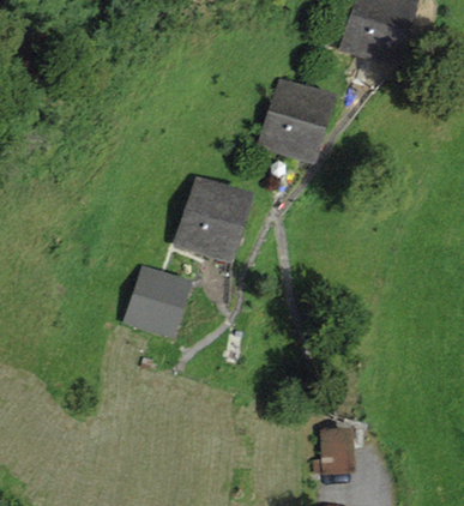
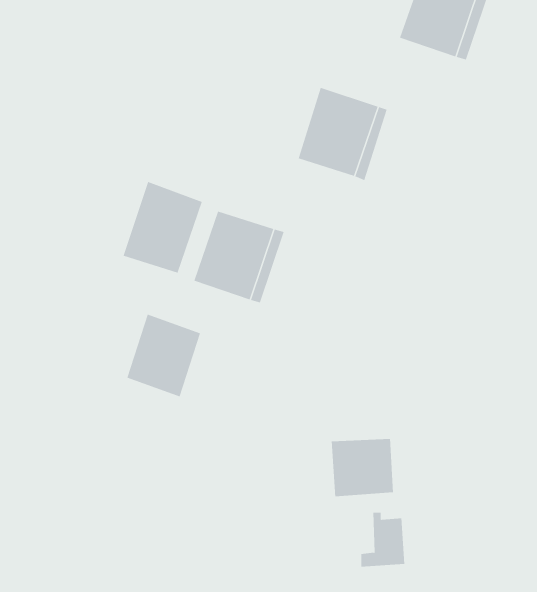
building: none -> [123,181,203,274]
building: none -> [331,438,393,497]

